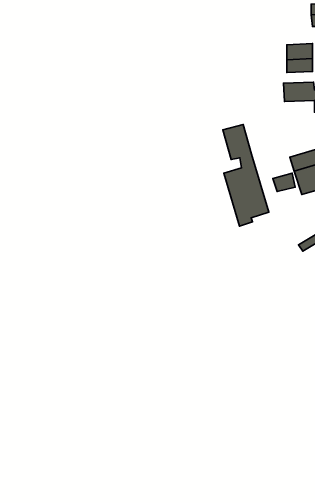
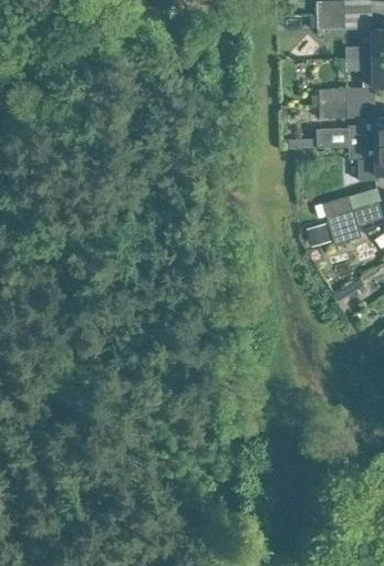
building: [223,125,269,226] -> none

